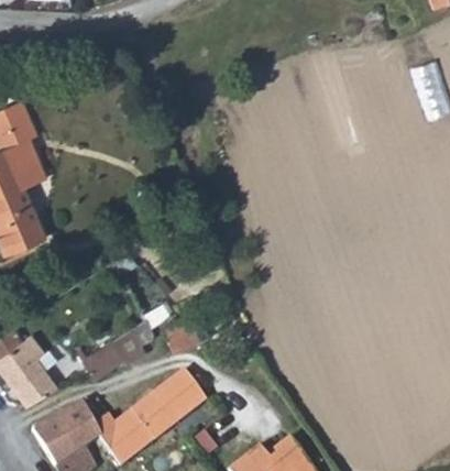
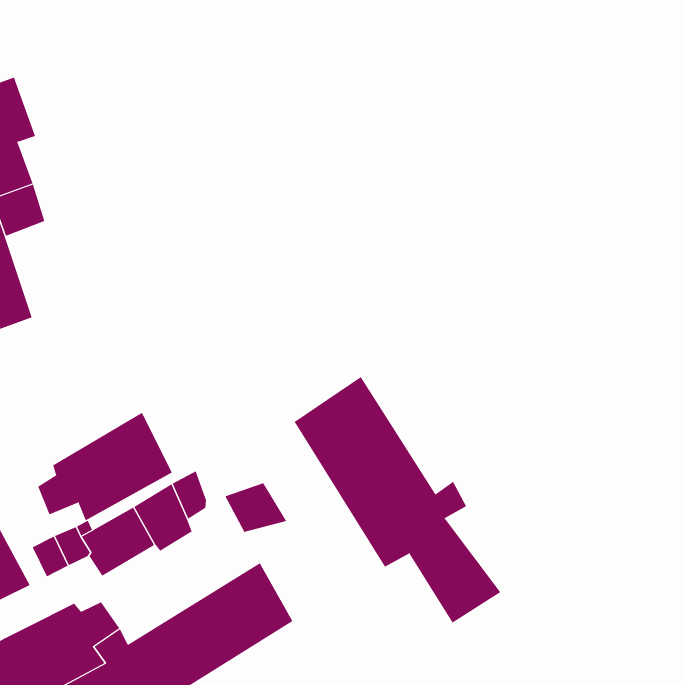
building: none -> [294,376,501,623]
building: none -> [37,412,173,521]

